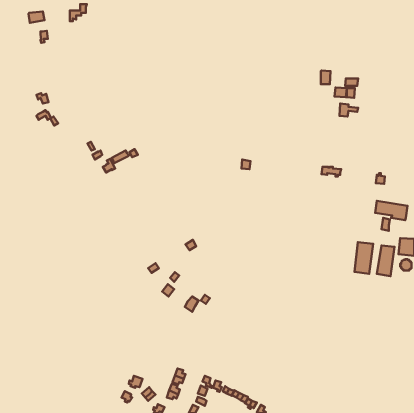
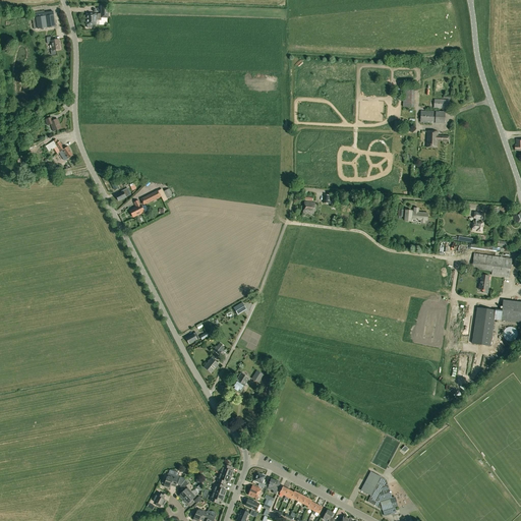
building: [355,242,373,274] -> none
building: none -> [360,470,396,515]

